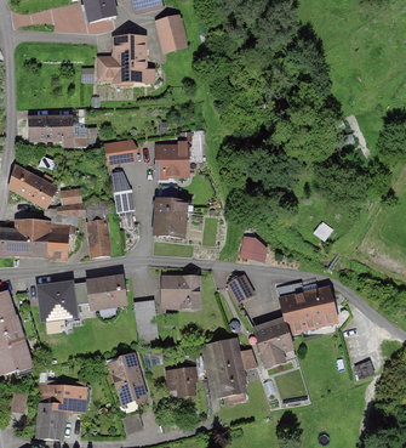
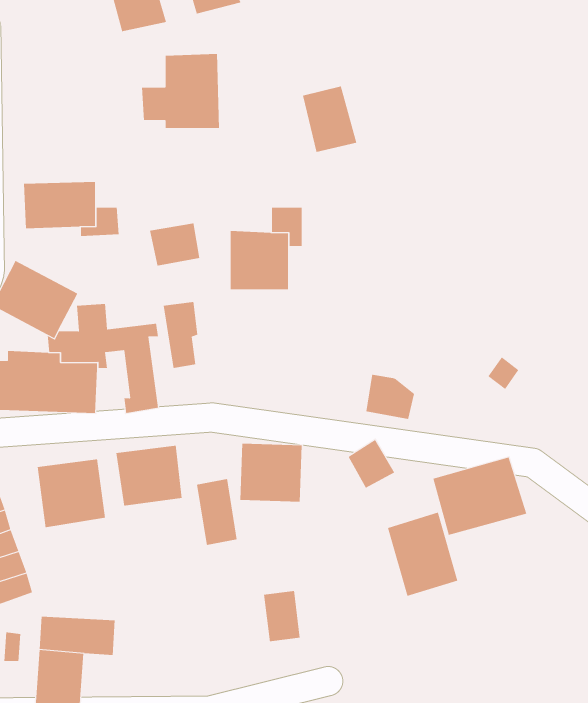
building: [154,13,188,55] -> [302,86,357,153]
building: [153,198,188,239] -> none
building: [207,336,248,399] -> none
building: [107,351,148,408] -> none

